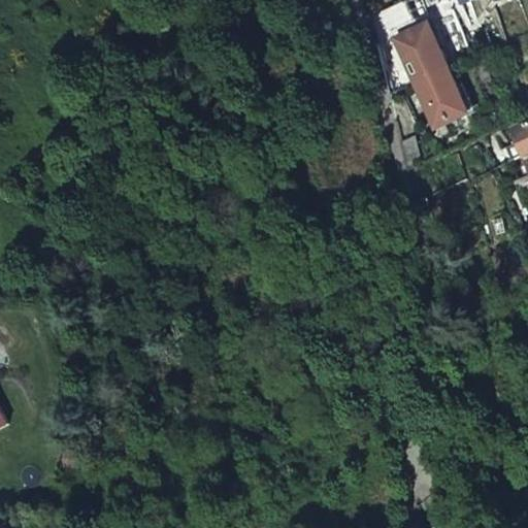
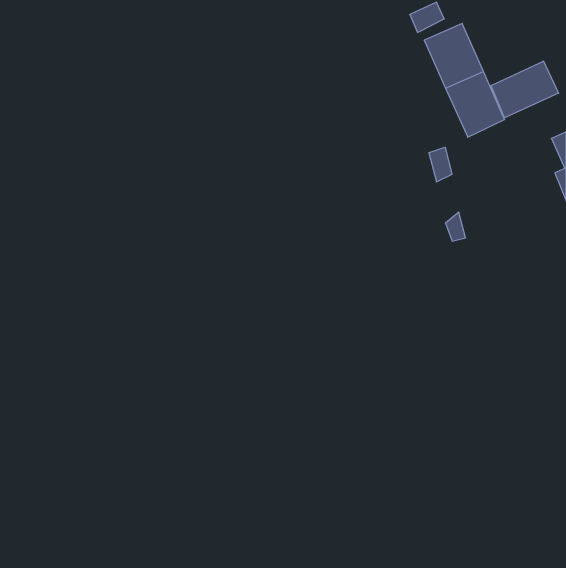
building: none -> [491,61,559,118]

